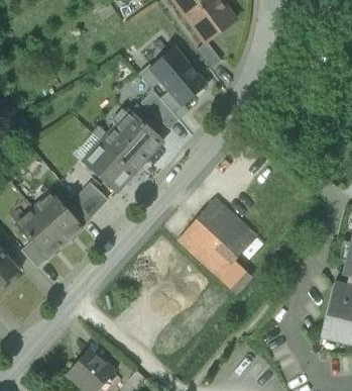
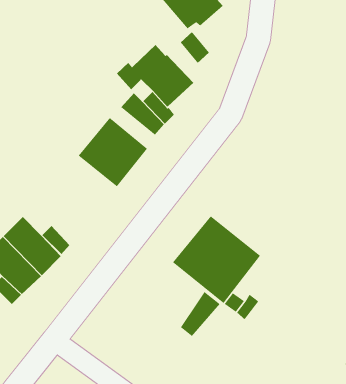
building: [83,141,134,191] -> none
building: [75,182,108,218] -> none
building: none -> [180,291,220,337]

